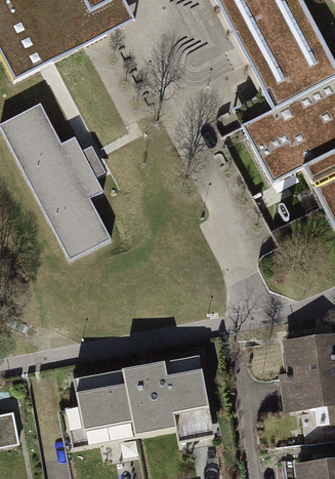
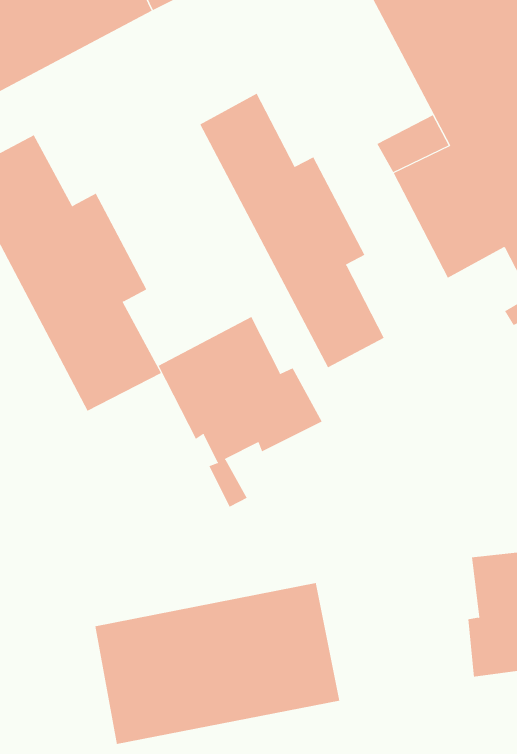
building: none -> [200,93,385,368]
building: none -> [158,316,322,508]

